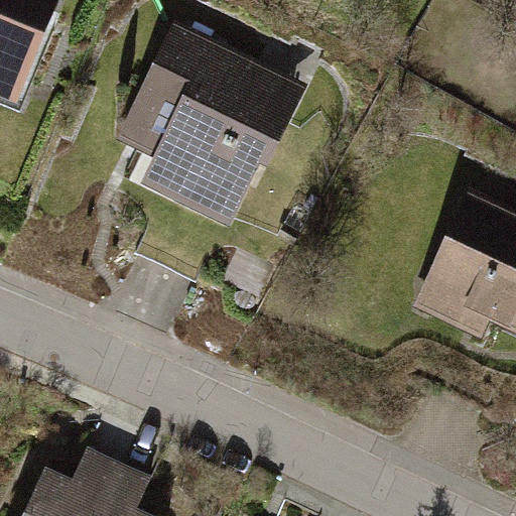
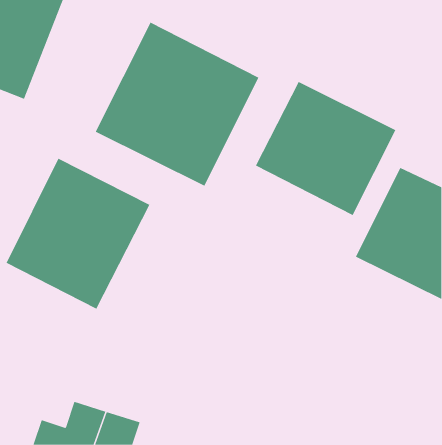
building: none -> [255,81,396,216]
building: none -> [6,158,150,309]

